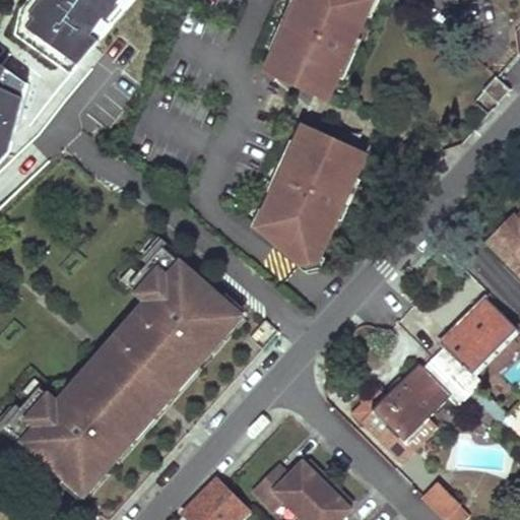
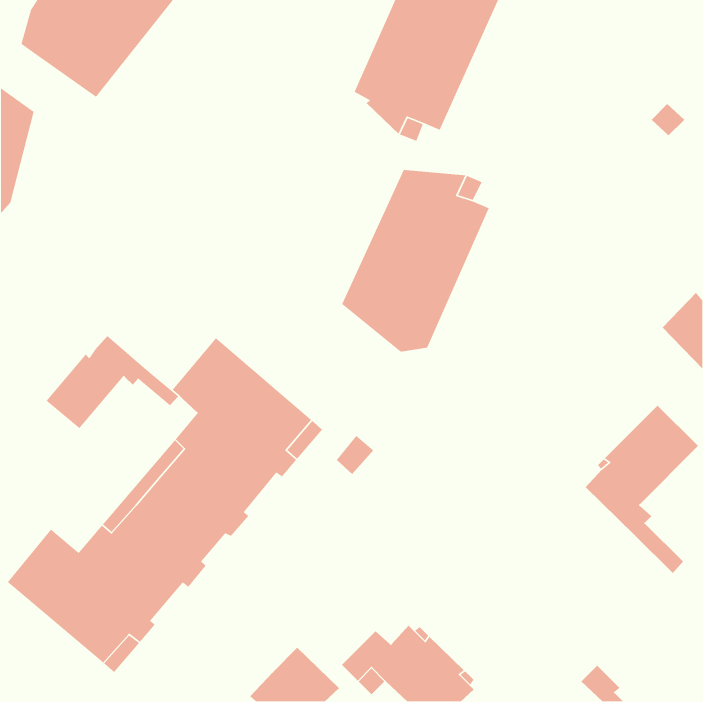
building: none -> [46,335,179,429]
building: [352,360,468,461] -> none

